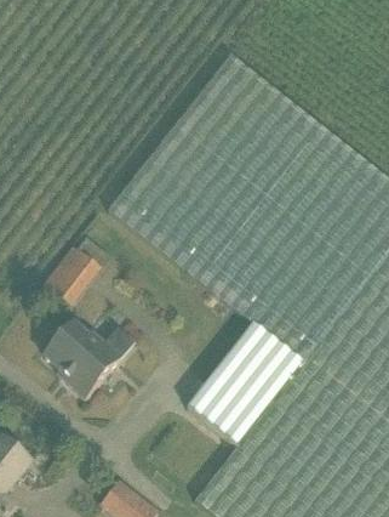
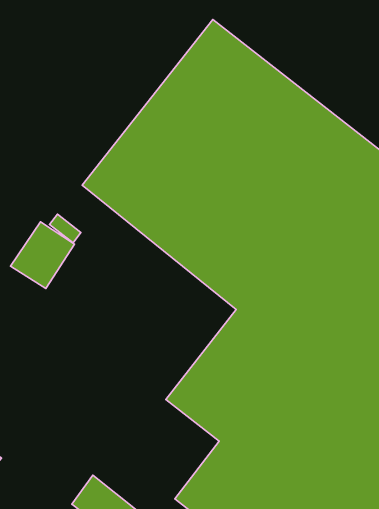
building: [46,323,135,398] -> none

